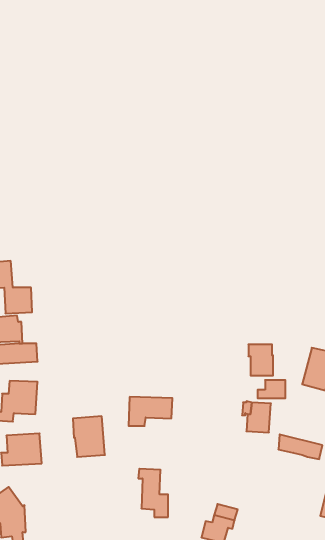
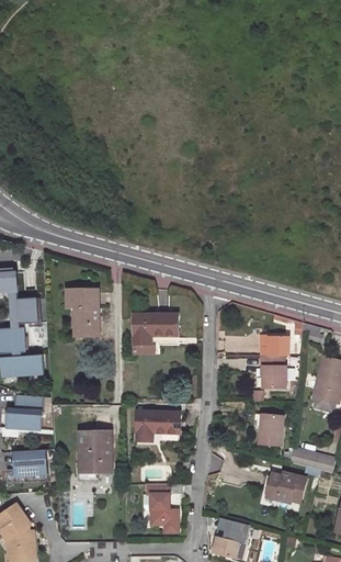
building: none -> [66,289,98,335]
building: none -> [133,313,178,345]
building: [258,380,285,398] -> [259,337,287,356]
building: none -> [265,473,305,503]

